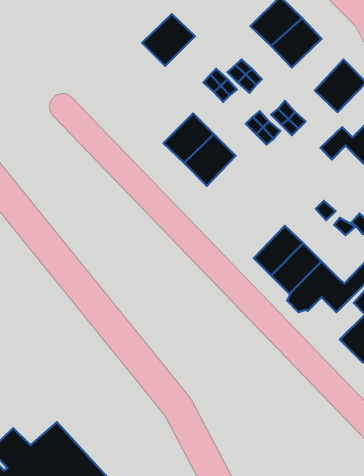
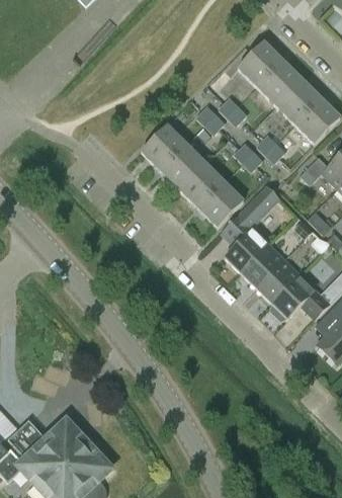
building: [142,14,195,66] -> [140,124,186,170]
building: none -> [273,78,319,123]
building: none -> [198,181,243,226]
building: none -> [222,185,279,271]

